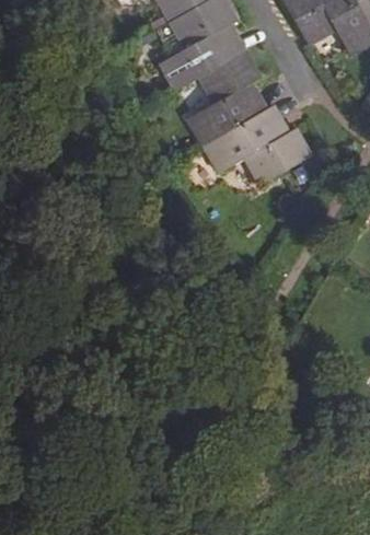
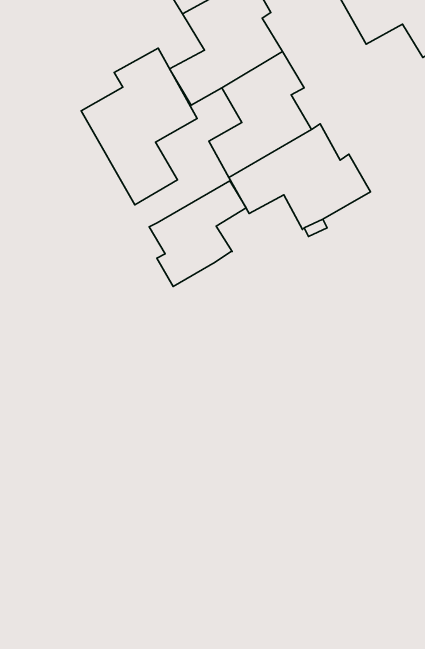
building: none -> [81,48,197,205]
building: none -> [149,181,246,287]

